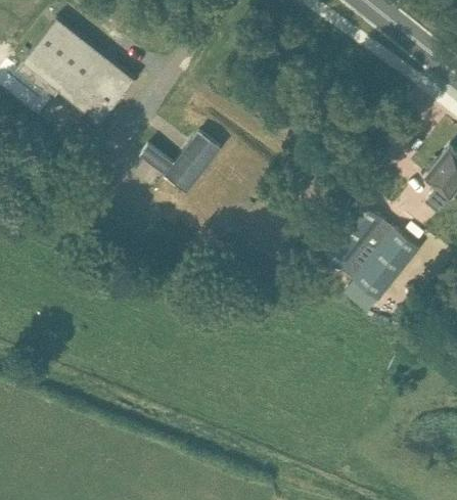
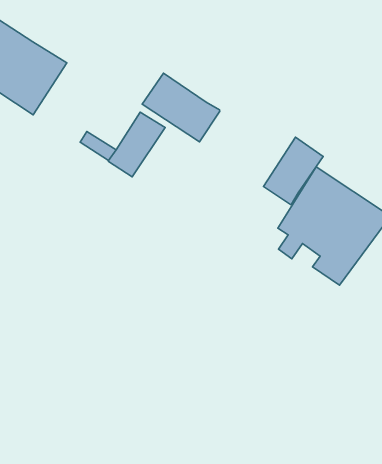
building: none -> [142,73,220,142]
building: none -> [263,137,323,204]

